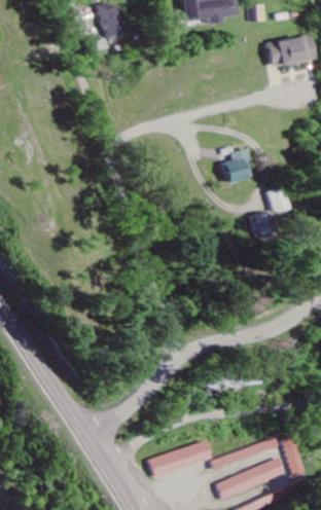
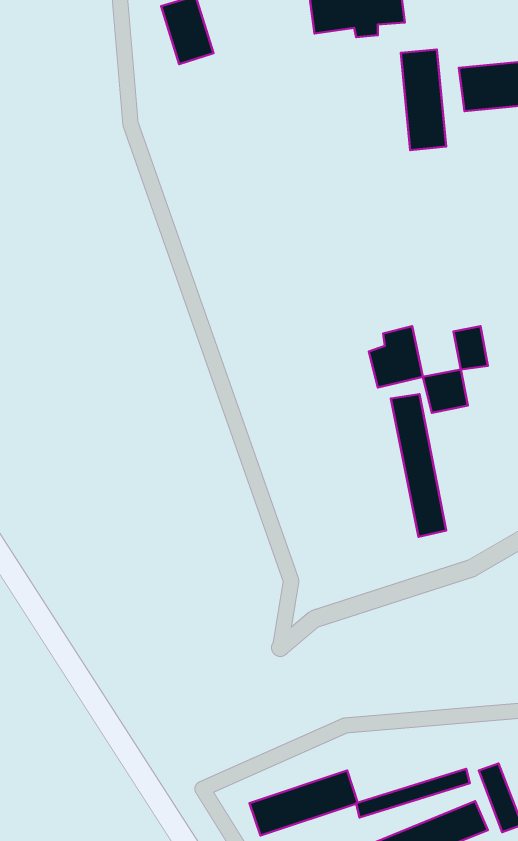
building: none -> [401,50,446,150]
building: [220,149,251,184] -> [369,326,423,388]
building: none -> [391,394,446,537]

